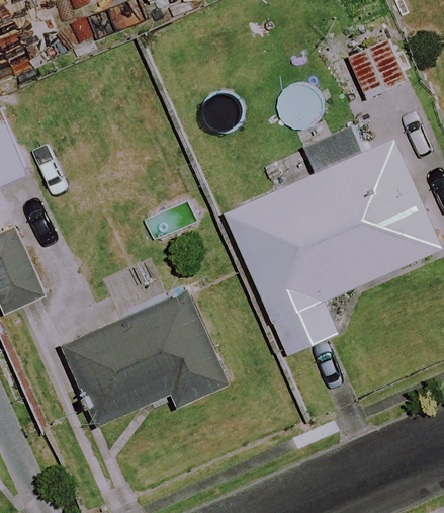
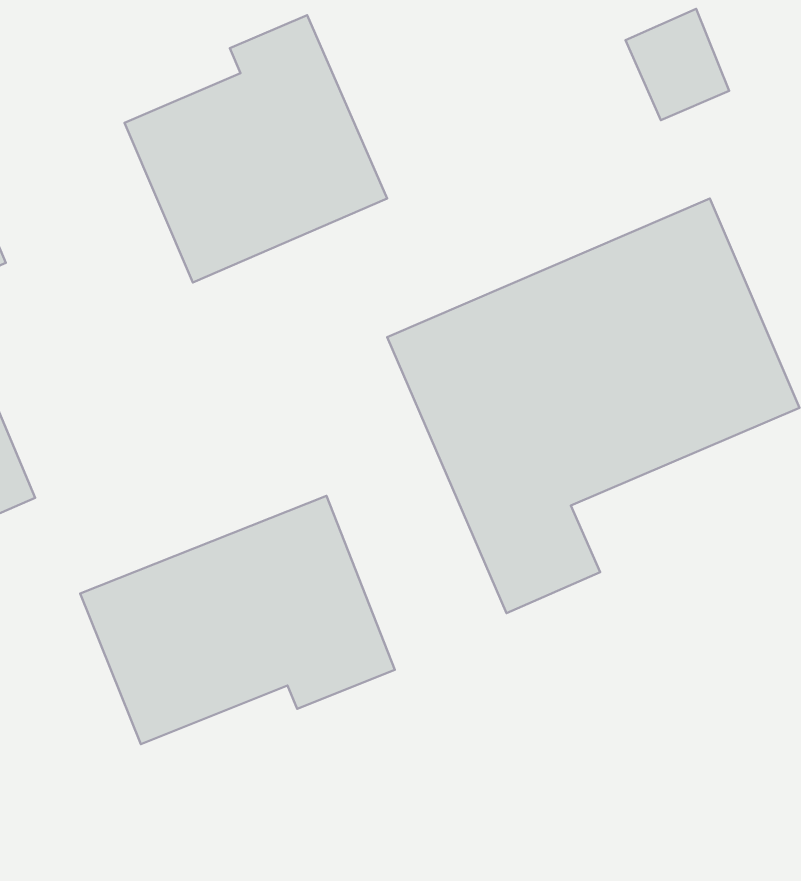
building: none -> [124,15,387,282]

